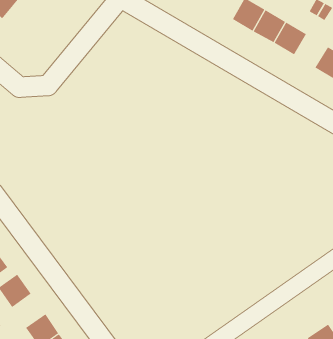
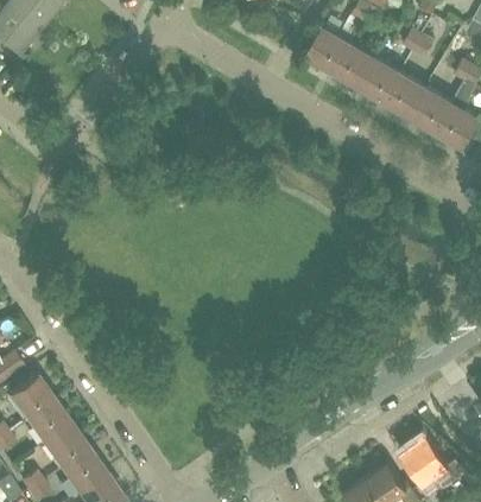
building: none -> [384,74,425,115]
building: none -> [29,399,71,441]

